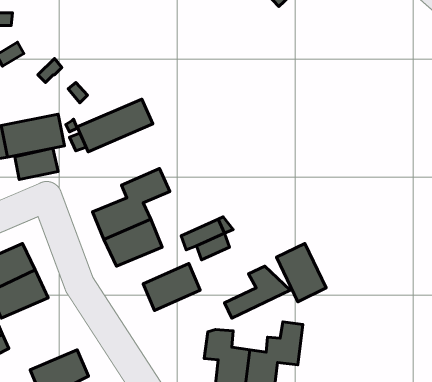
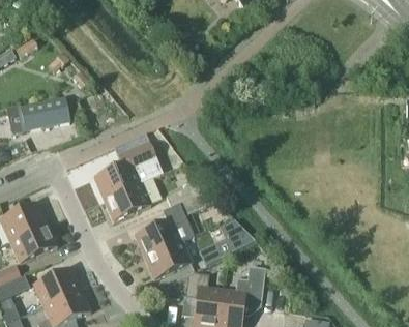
building: [77,99,153,152] -> none
building: [15,148,58,179] -> none
building: [277,243,326,302] -> none
building: none -> [144,240,192,279]
building: none -> [33,267,81,305]

